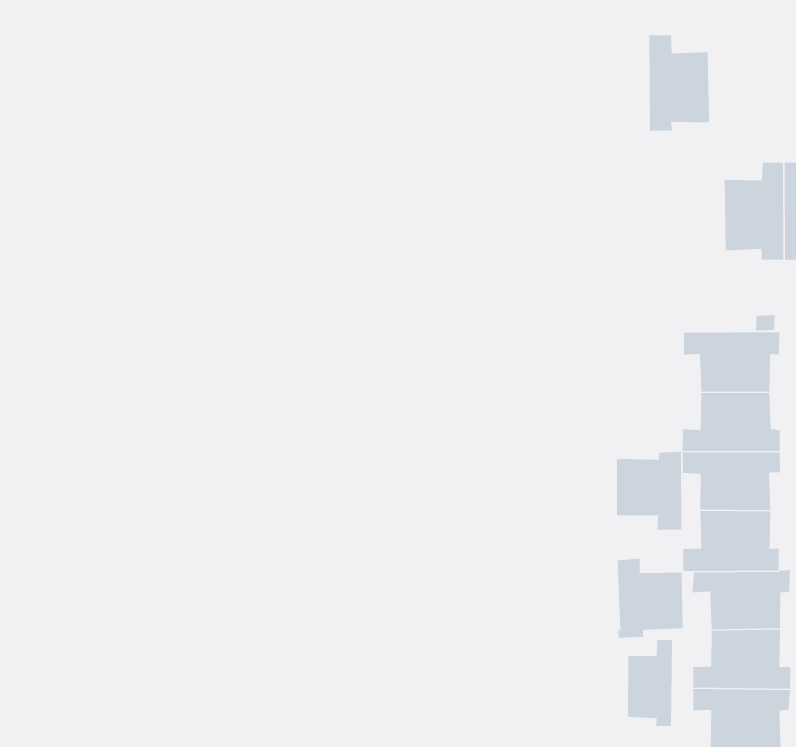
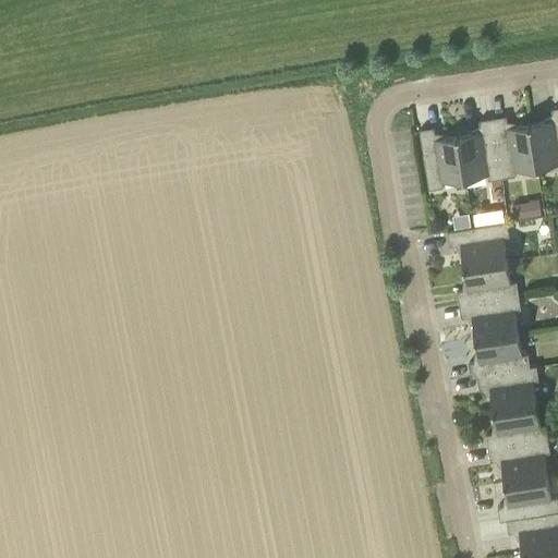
building: [649,35,710,132] -> [420,132,465,193]
building: [616,451,682,531] -> none
building: [617,558,684,639] -> none
building: [627,639,673,727] -> none

